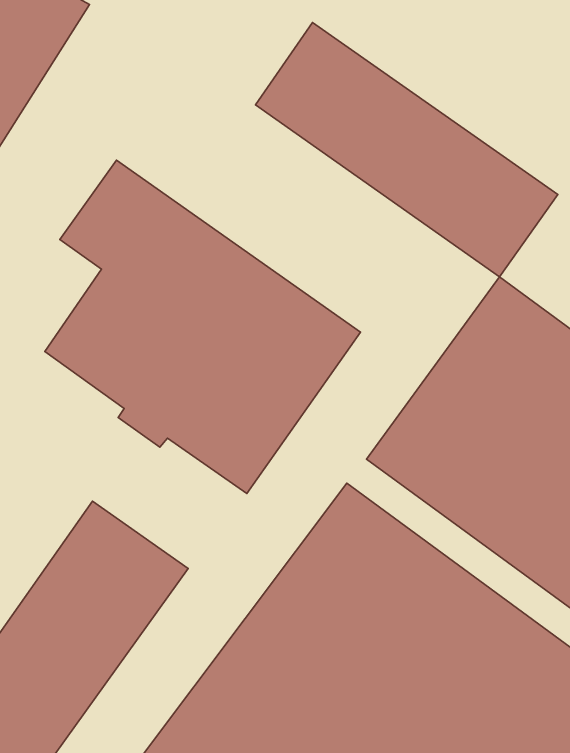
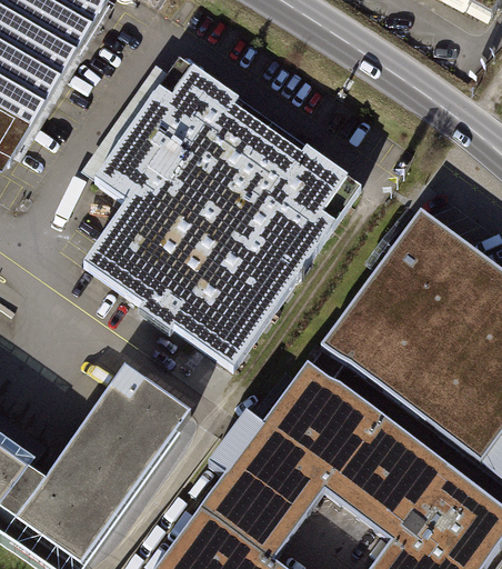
building: [256,23,558,277] -> [135,59,360,248]

